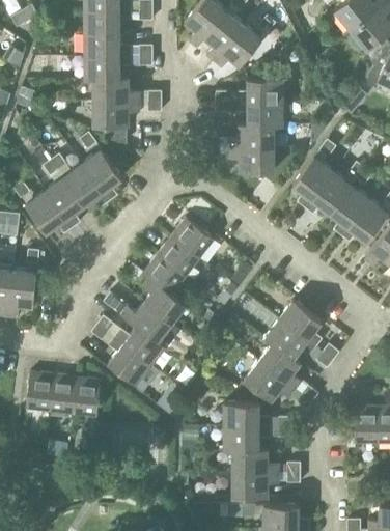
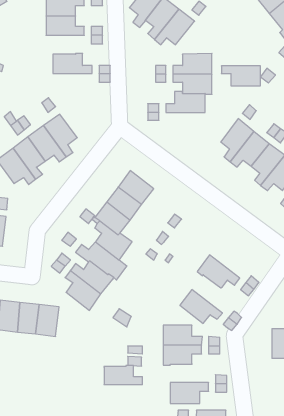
building: [84,56,130,80] -> none
building: [92,102,139,144] -> none
building: [227,148,274,172] -> [221,66,260,86]
building: [279,300,322,346] -> none
building: [258,342,301,388] -> none
building: [232,448,278,471] -> [104,366,142,385]

